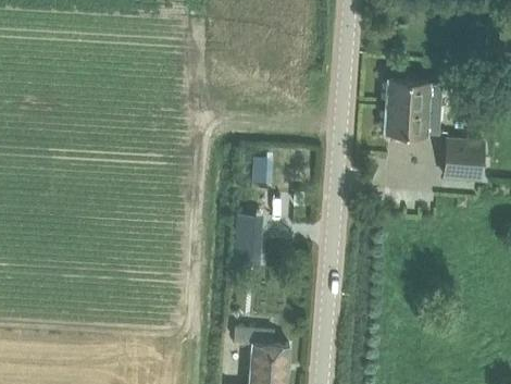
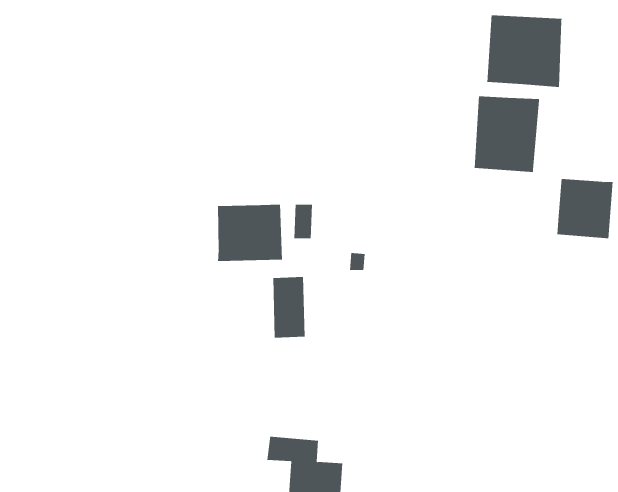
building: none -> [487,14,562,88]
building: none -> [217,204,282,262]

